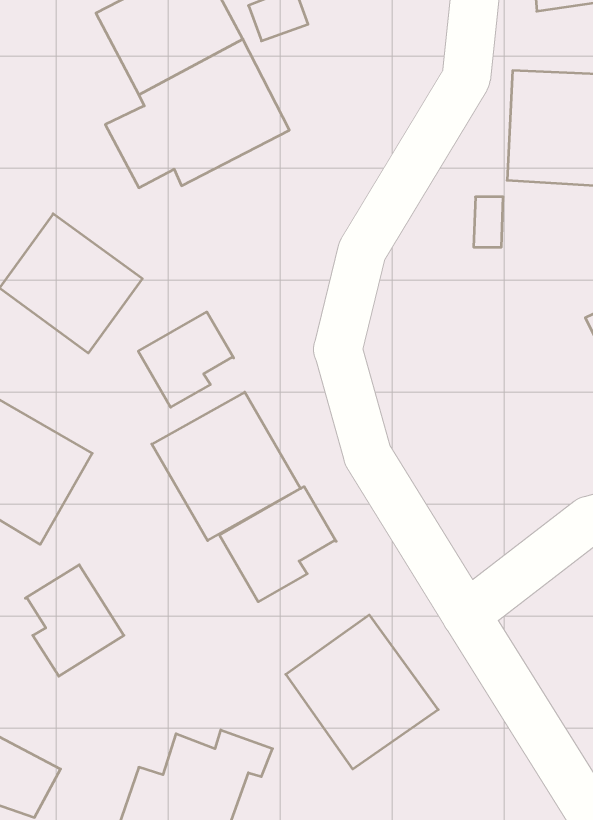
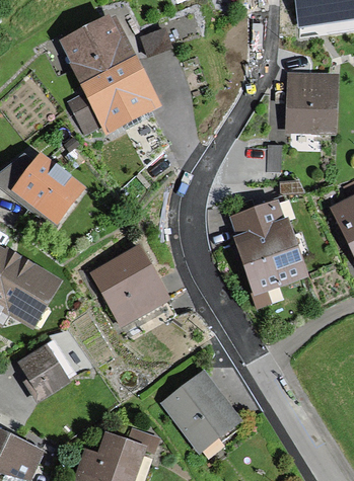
building: none -> [228,198,306,306]
building: [138,312,234,407] -> none
building: [220,487,336,602] -> none

